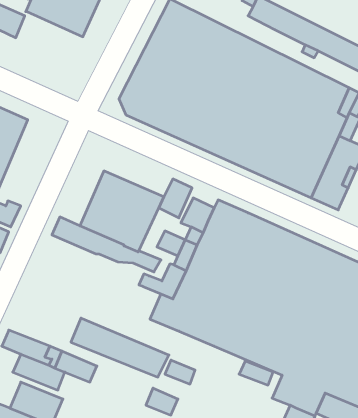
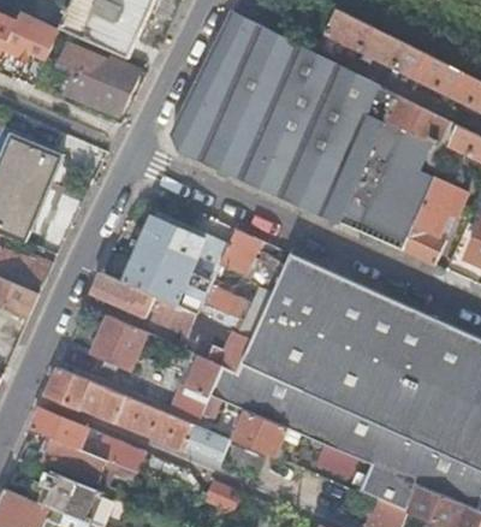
building: none -> [58,43,137,114]
building: none -> [91,318,147,372]
building: none -> [168,357,221,421]
building: none -> [44,368,125,425]
building: none -> [231,411,285,458]

